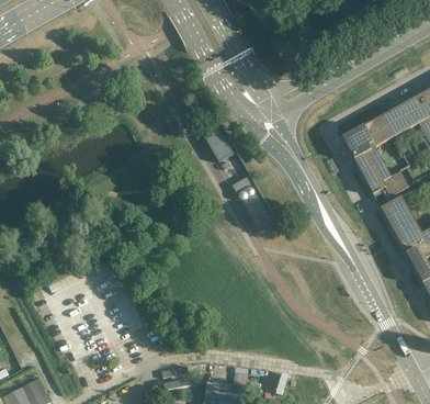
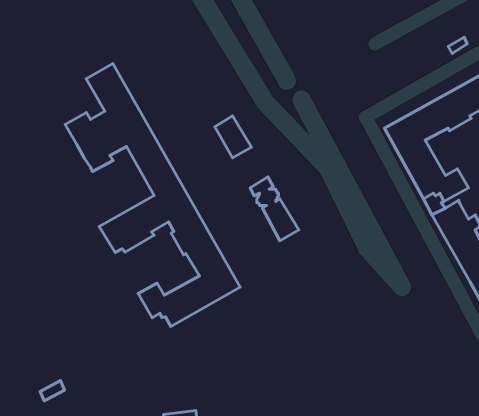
building: none -> [65,64,240,326]

